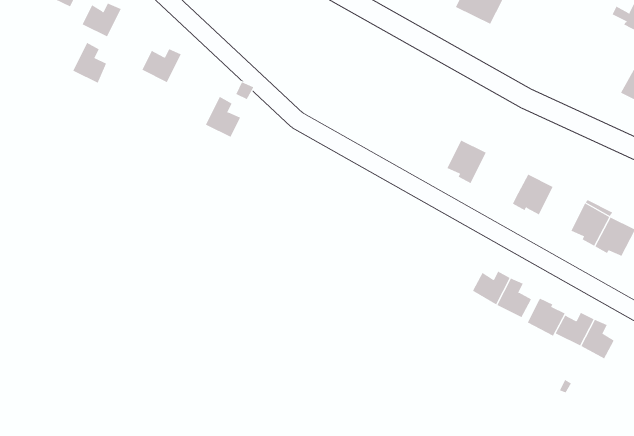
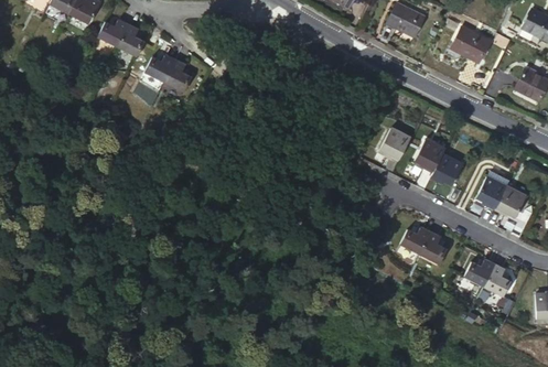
building: none -> [450,26,491,63]
building: [73,42,107,83] -> [118,24,144,56]
building: [205,96,241,138] -> [164,60,192,91]
building: none -> [416,137,445,171]
building: [527,298,566,337] -> none

